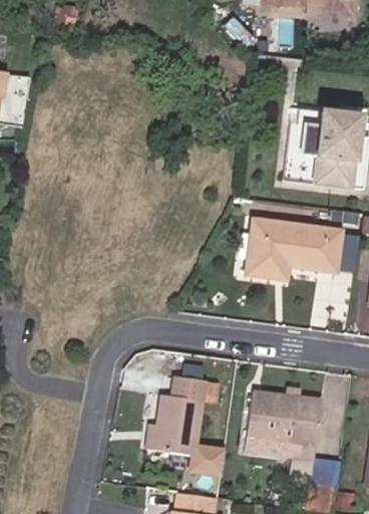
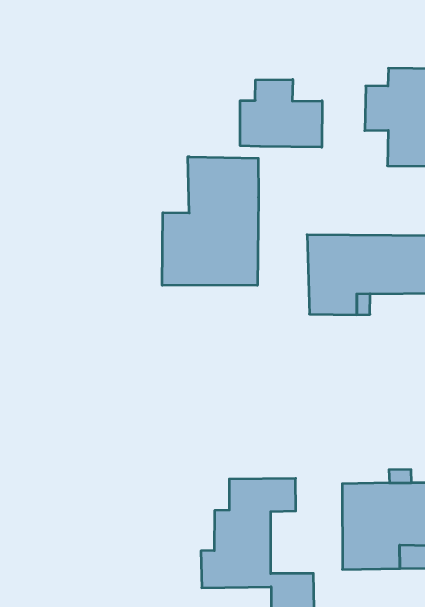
building: none -> [240,79,322,147]
building: none -> [162,157,258,285]

